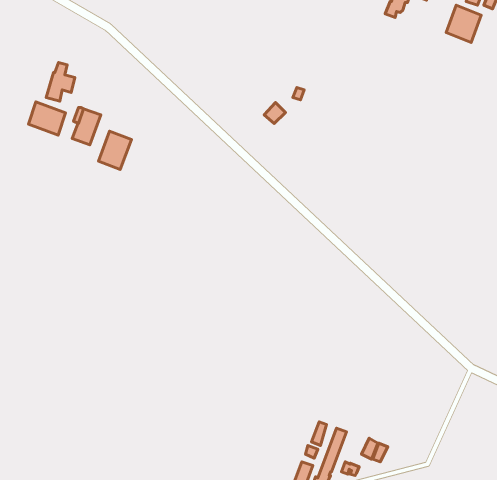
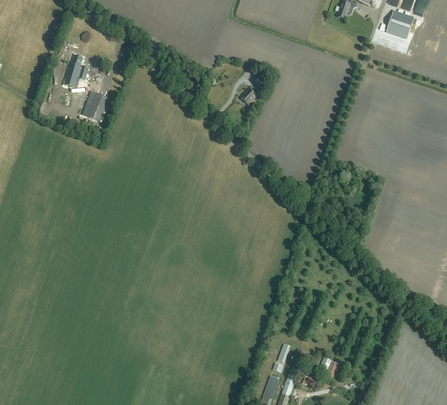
building: [29,102,66,135] -> none
building: [98,131,131,170] -> none

